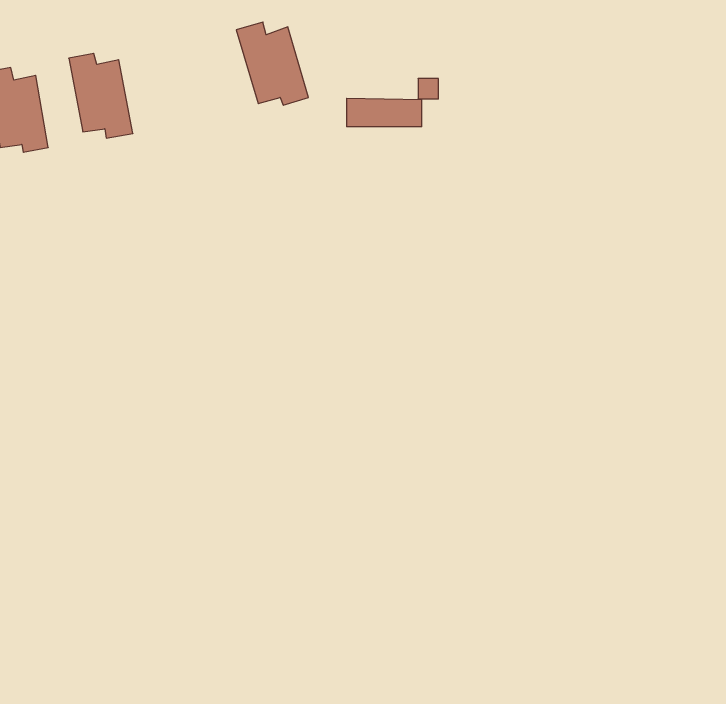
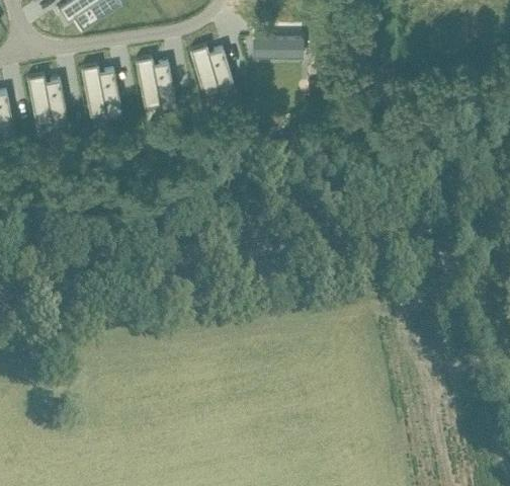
building: none -> [135,56,176,110]
building: [347,98,422,127] -> [253,37,302,56]

